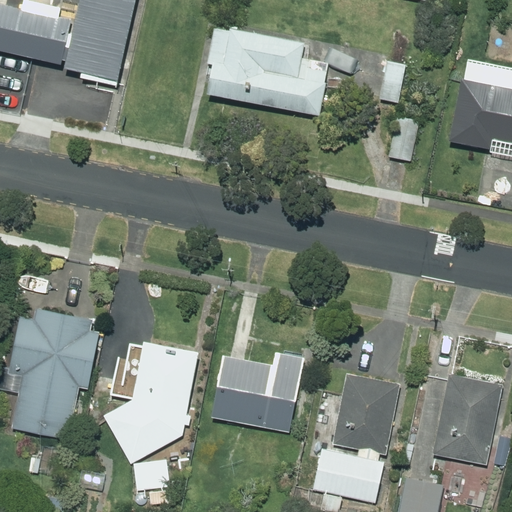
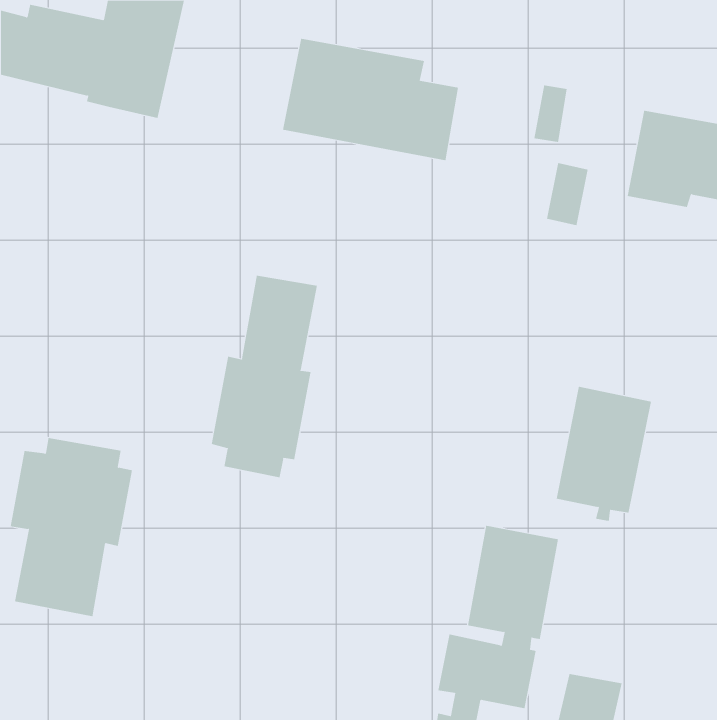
building: none -> [211,275,318,478]
building: [104,342,196,463] -> none
building: [210,352,304,431] -> none
building: [434,373,502,469] -> [556,386,652,522]

